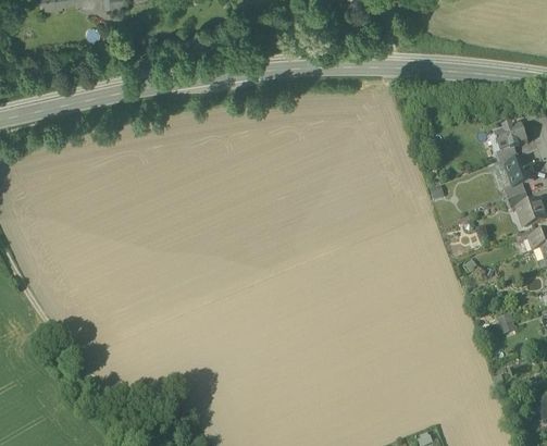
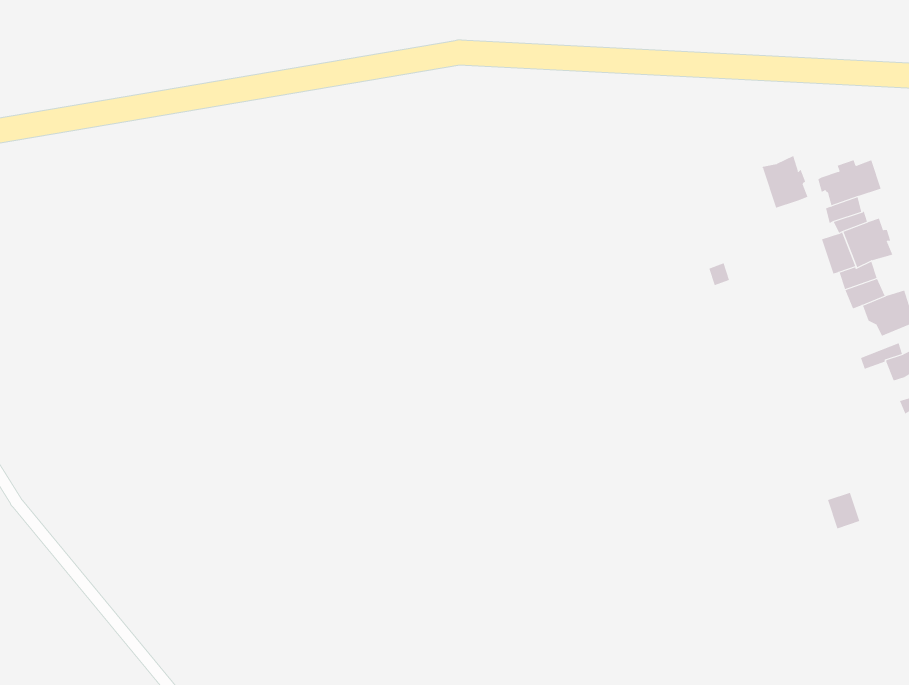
building: none -> [761,155,808,208]

